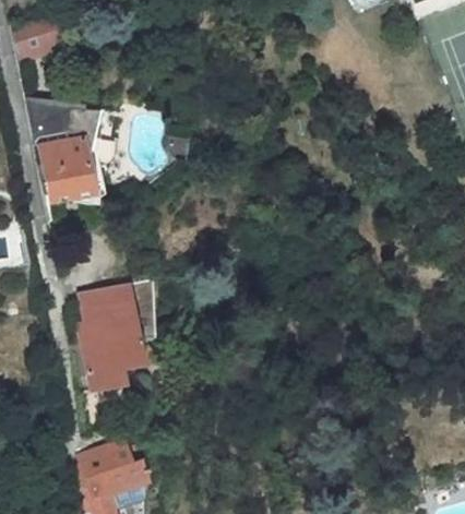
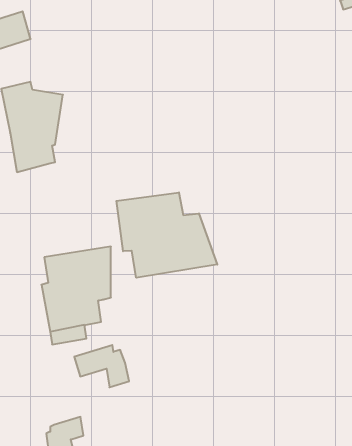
building: none -> [116,192,217,278]
building: [84,444,145,491] -> [74,345,129,387]

